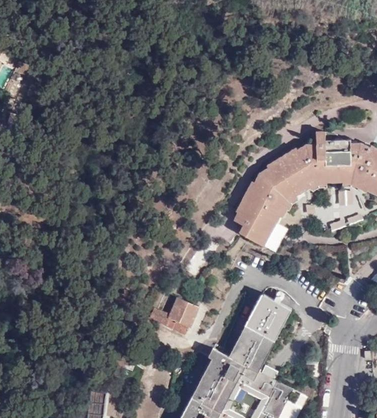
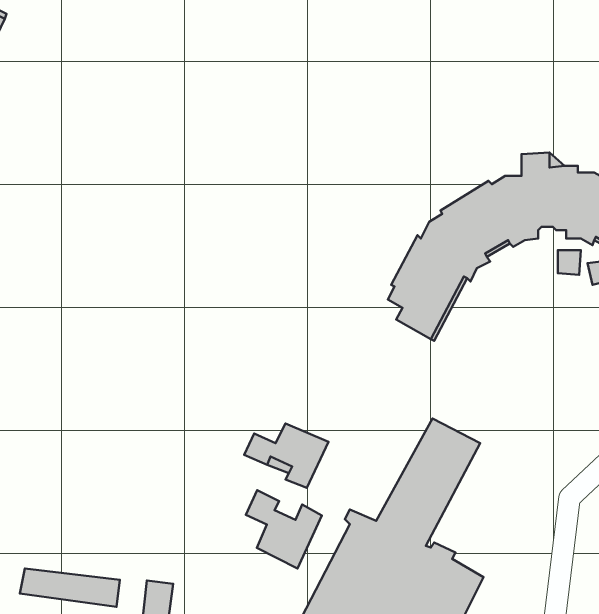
building: none -> [246,490,322,568]
building: none -> [20,569,120,607]

